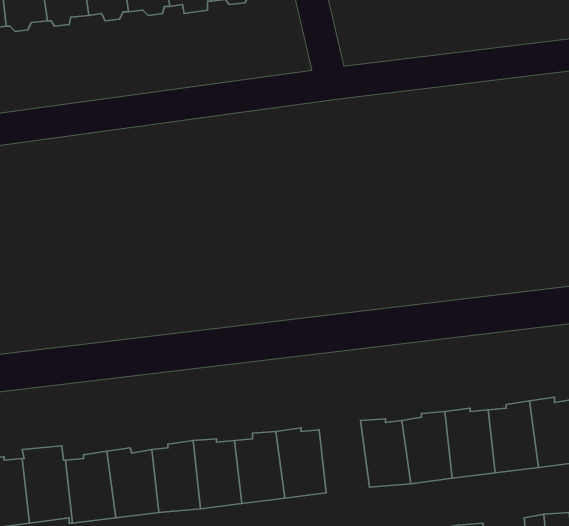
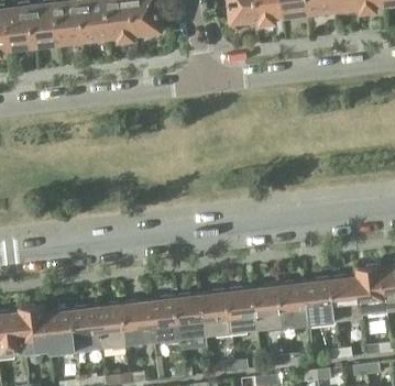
building: none -> [201,290,232,334]

